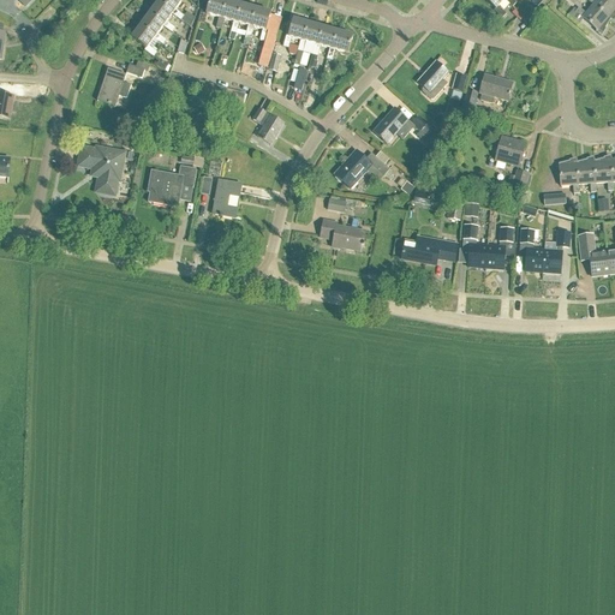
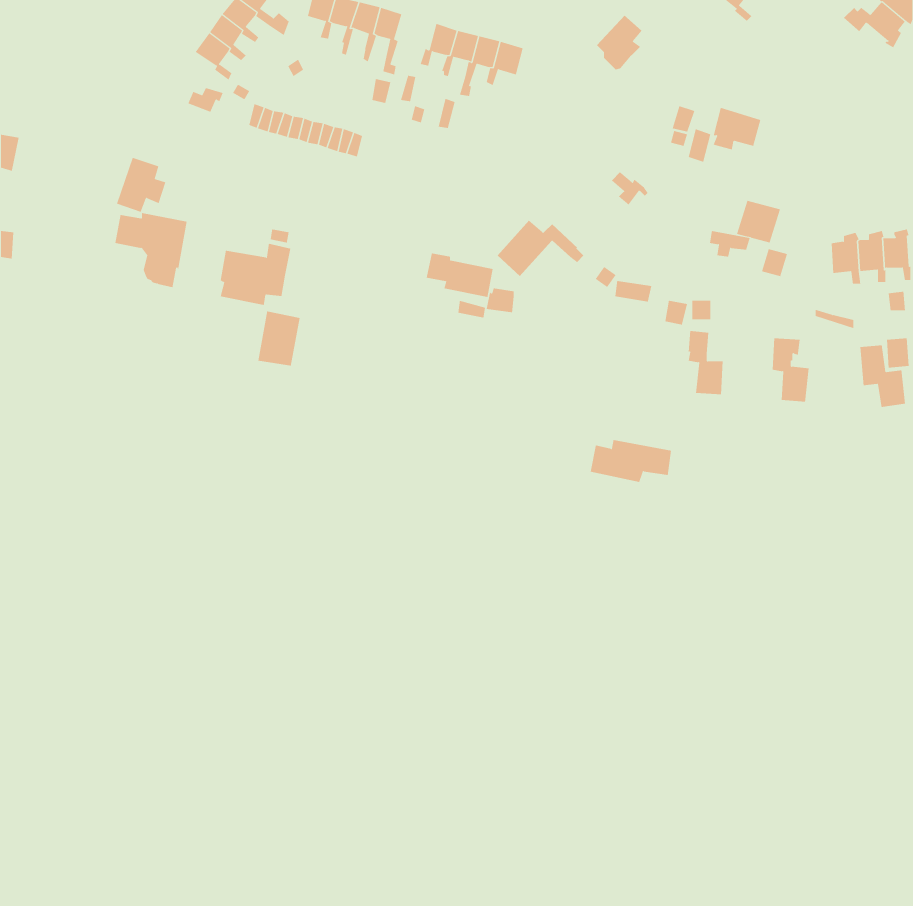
building: [417,59,448,96] -> [596,15,642,70]
building: [97,66,131,103] -> [116,157,166,213]
building: [372,106,407,141] -> none
building: [252,107,283,143] -> none
building: [213,178,241,215] -> [258,311,300,366]
building: [320,219,365,249] -> [426,253,494,298]
building: [485,225,513,267] -> none
building: [542,229,569,271] -> none
building: [401,234,456,263] -> [590,440,672,483]

